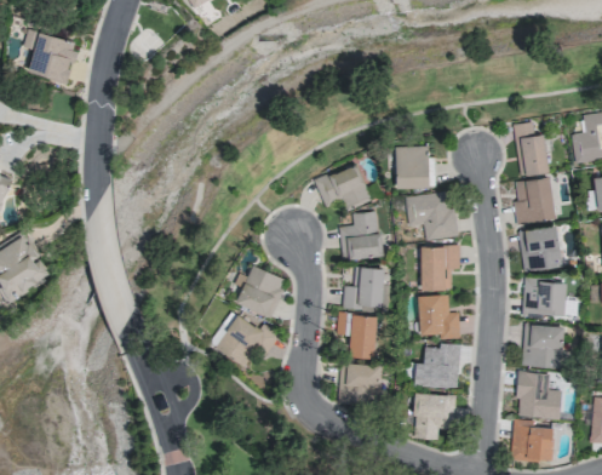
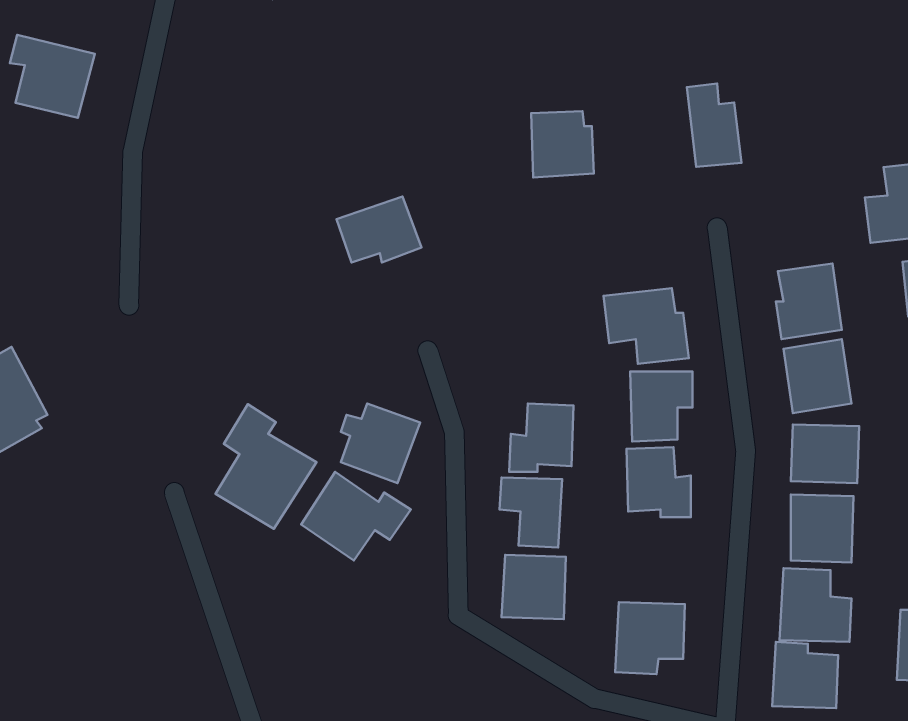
building: [515,122,550,176] -> [687,83,742,167]
building: [396,147,436,189] -> [531,111,594,177]
building: [316,165,371,207] -> [336,196,422,263]
building: [340,211,384,261] -> none
building: none -> [216,404,317,529]
building: [406,344,460,388] -> none

